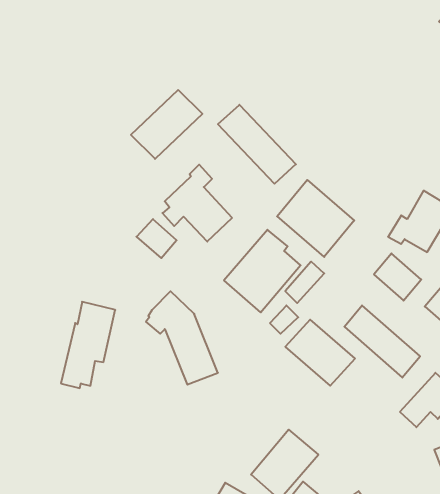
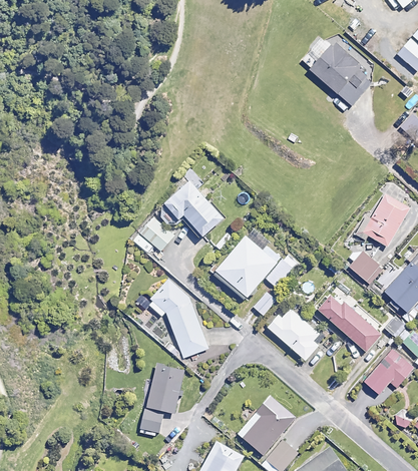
building: none -> [309,43,372,106]
building: [131,90,202,159] -> none
building: [218,105,296,184] -> none
building: [277,180,354,257] -> none
building: [61,302,115,388] -> [138,364,184,437]

